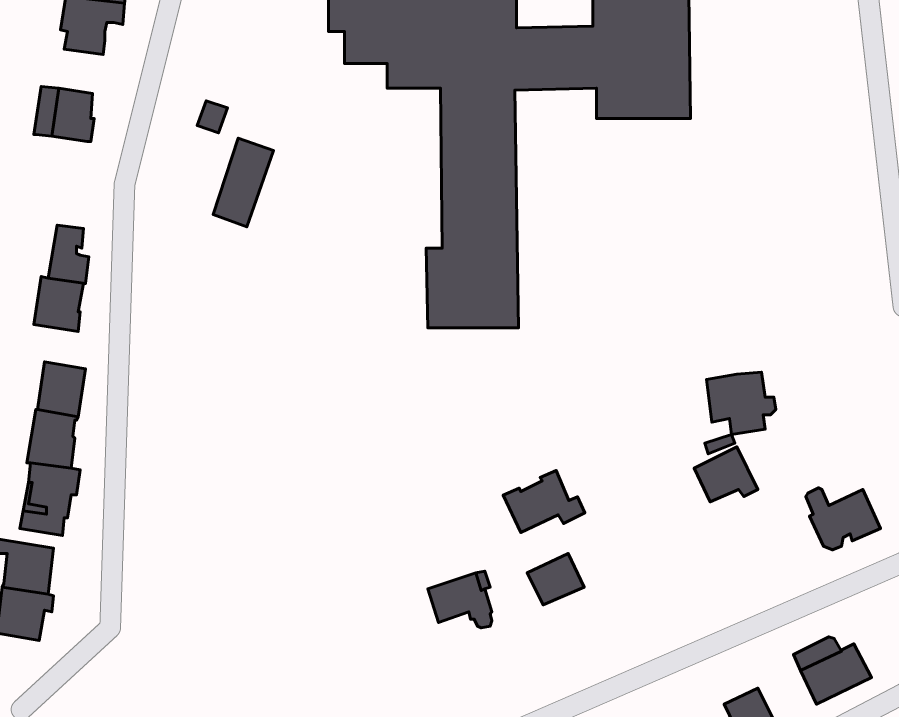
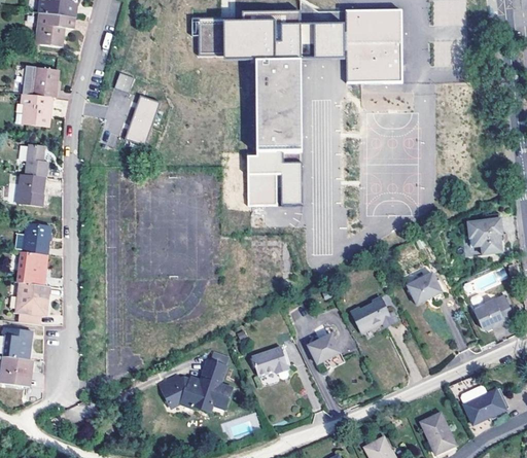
building: none -> [20,92,51,125]
building: [707,372,776,434] -> [464,220,504,256]
building: [503,470,585,532] -> [348,297,395,333]
building: none -> [159,350,232,411]

